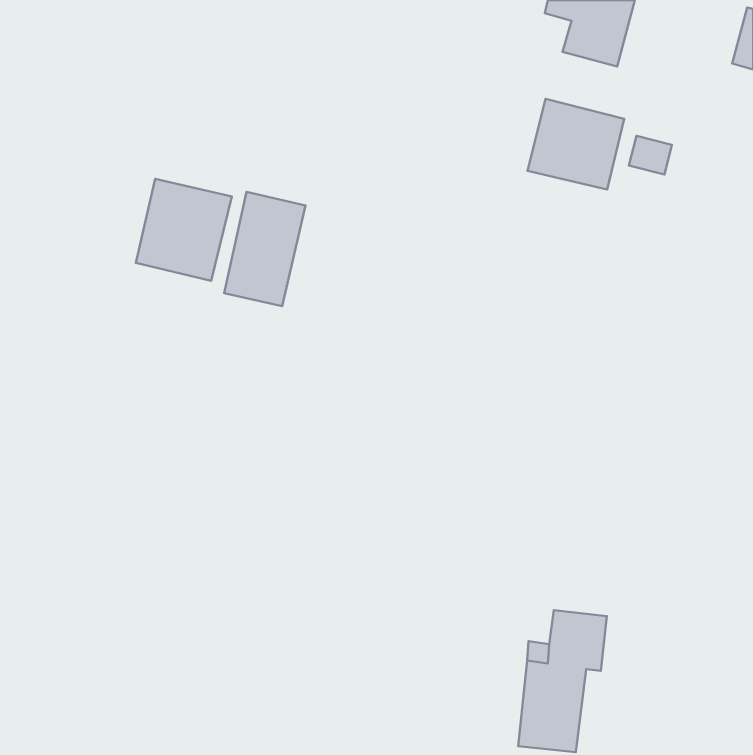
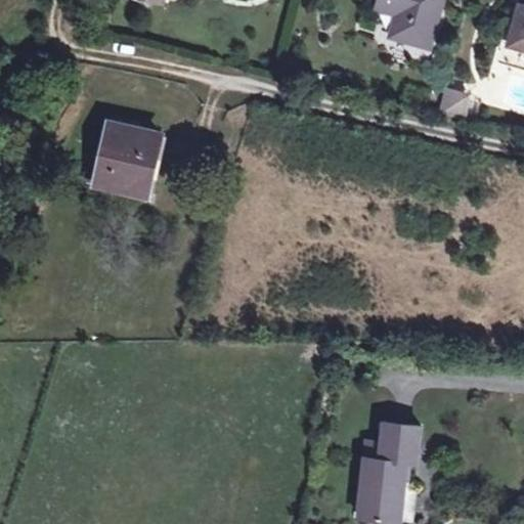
building: [528,99,624,190] -> none
building: [224,192,306,306] -> none

